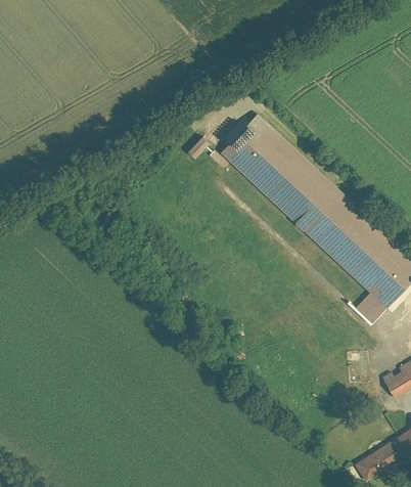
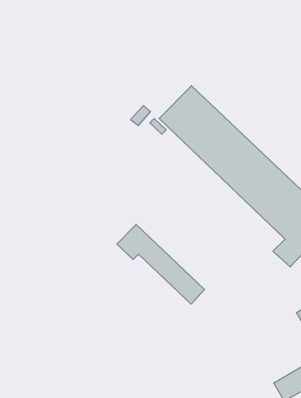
building: none -> [117,224,205,304]

